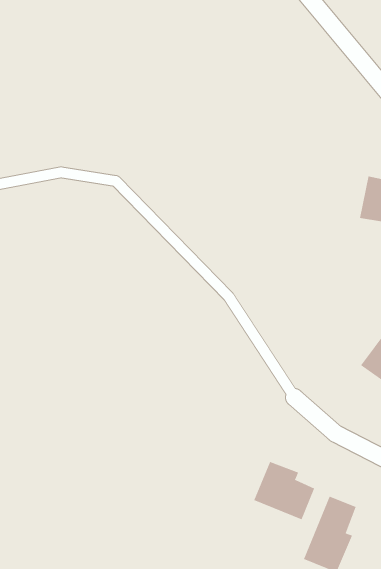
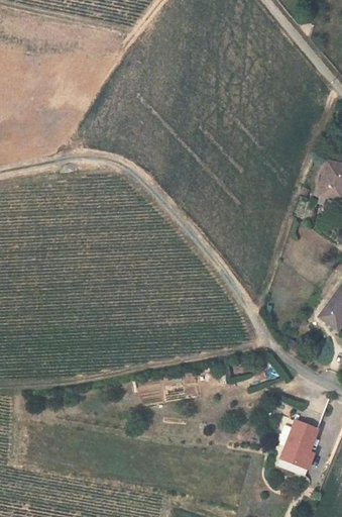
building: [254,461,315,520] -> none

